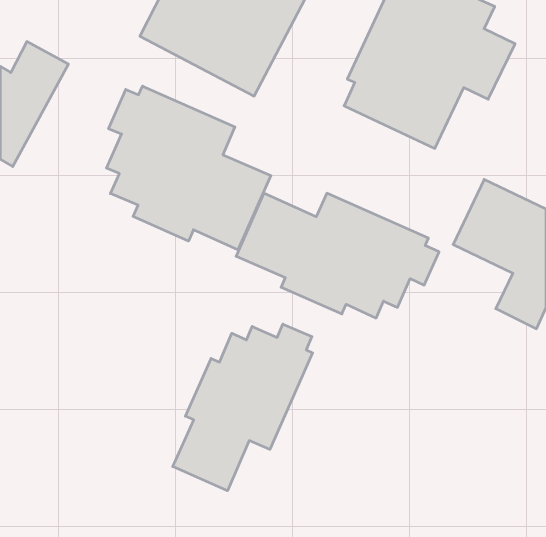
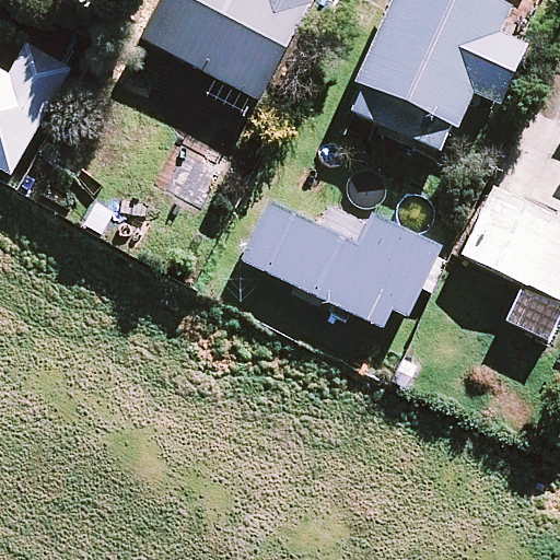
building: [106,86,271,250] -> none
building: [173,324,313,491] -> none

